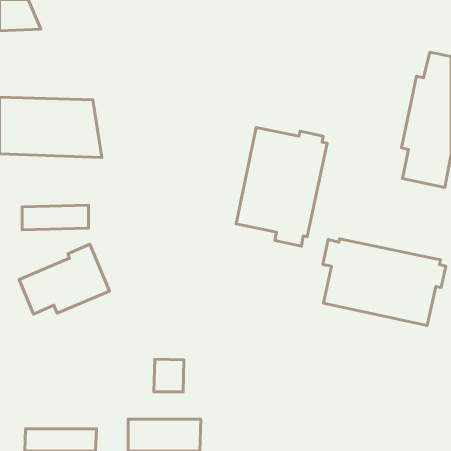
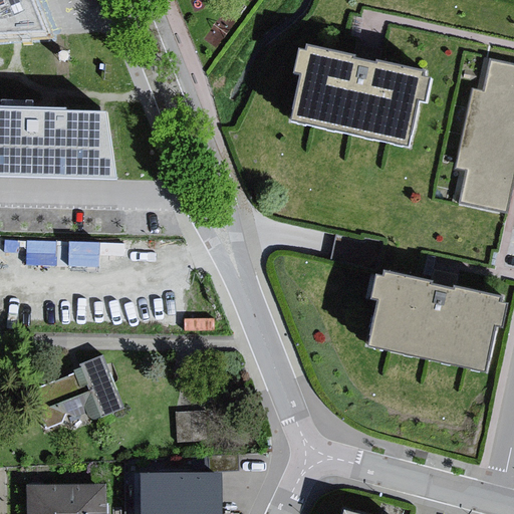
building: none -> [291,44,431,143]
building: [236,128,327,246] -> none
building: [19,244,109,314] -> [25,354,127,434]

